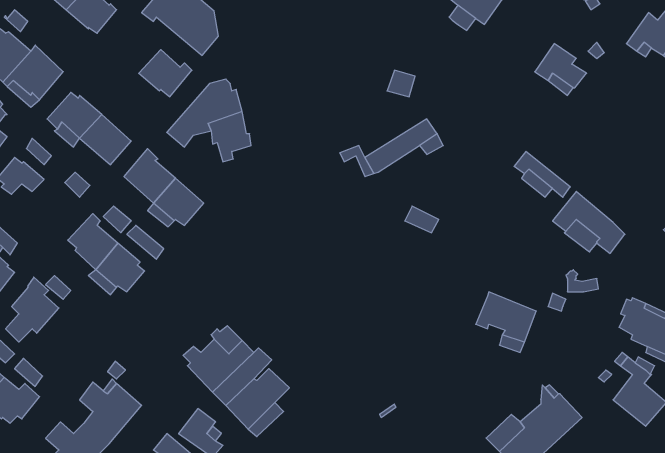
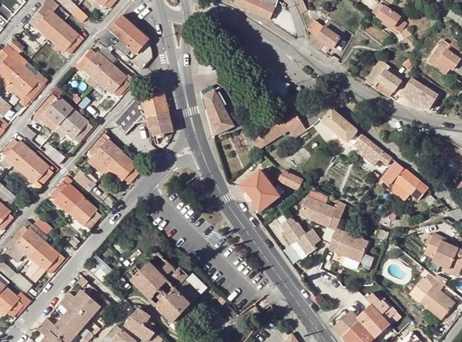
building: none -> [76,48,113,81]
building: none -> [400,77,437,109]
building: none -> [203,87,242,135]
building: none -> [321,109,355,141]
building: none -> [12,153,53,189]
building: none -> [239,170,282,211]
building: none -> [296,198,344,232]
building: none -> [277,219,319,263]
building: none -> [25,240,66,283]

